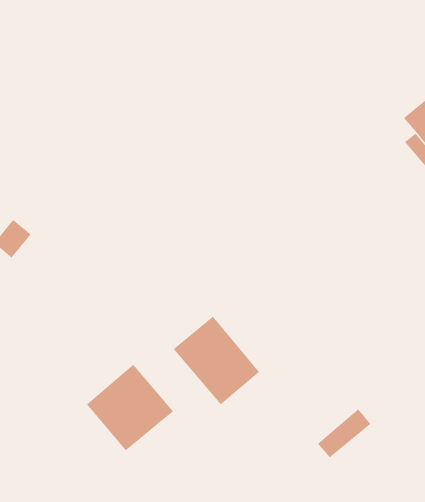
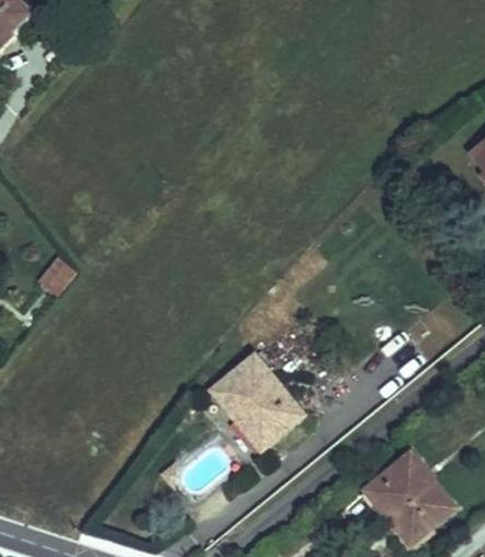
building: [86,364,174,451] -> none
building: none -> [383,471,458,545]

